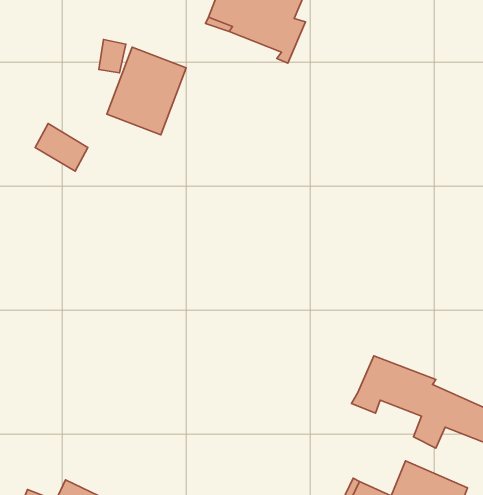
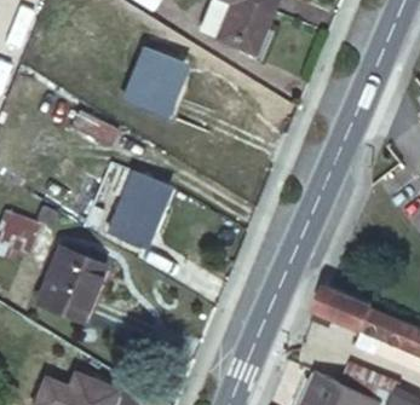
building: none -> [109,170,169,248]
building: none -> [51,251,105,320]

